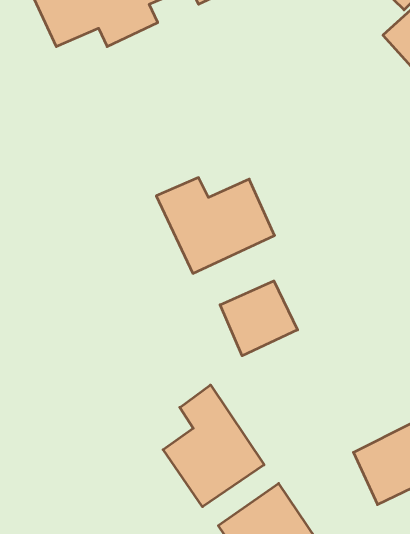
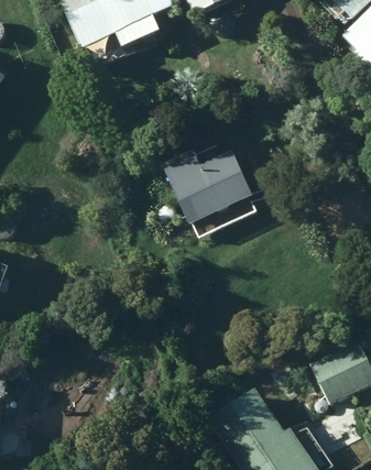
building: [220,281,298,356] -> none
building: [163,385,264,507] -> none

